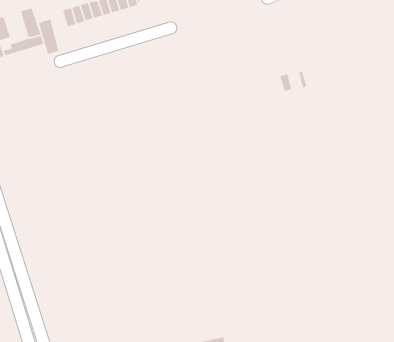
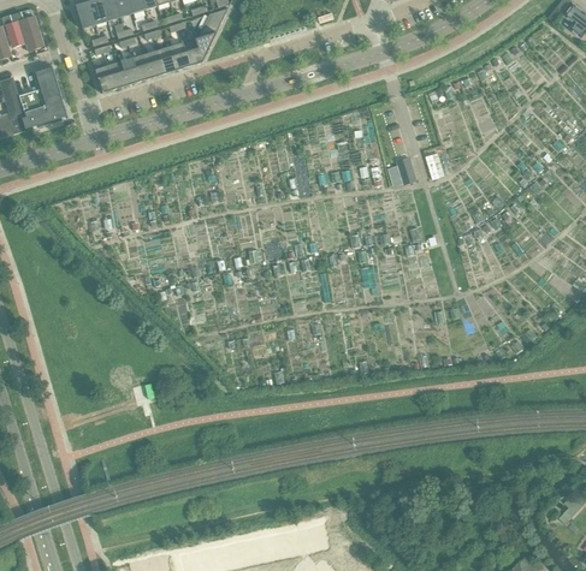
building: [38,18,59,55] -> none

